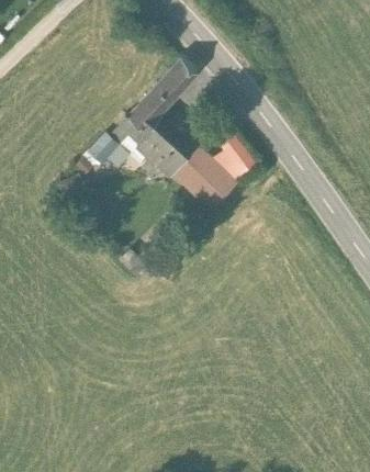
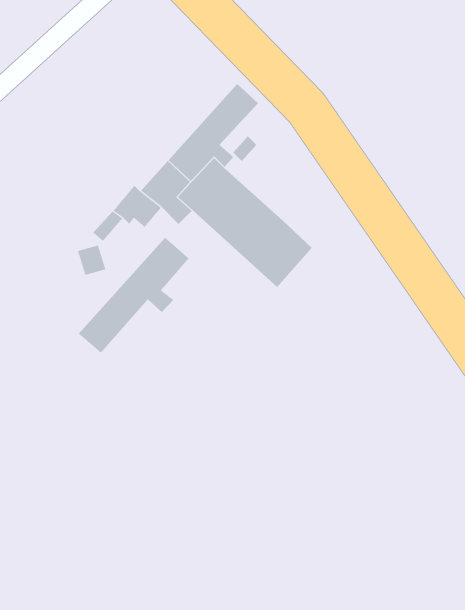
building: [213,137,254,179] -> none
building: none -> [78,237,190,354]

